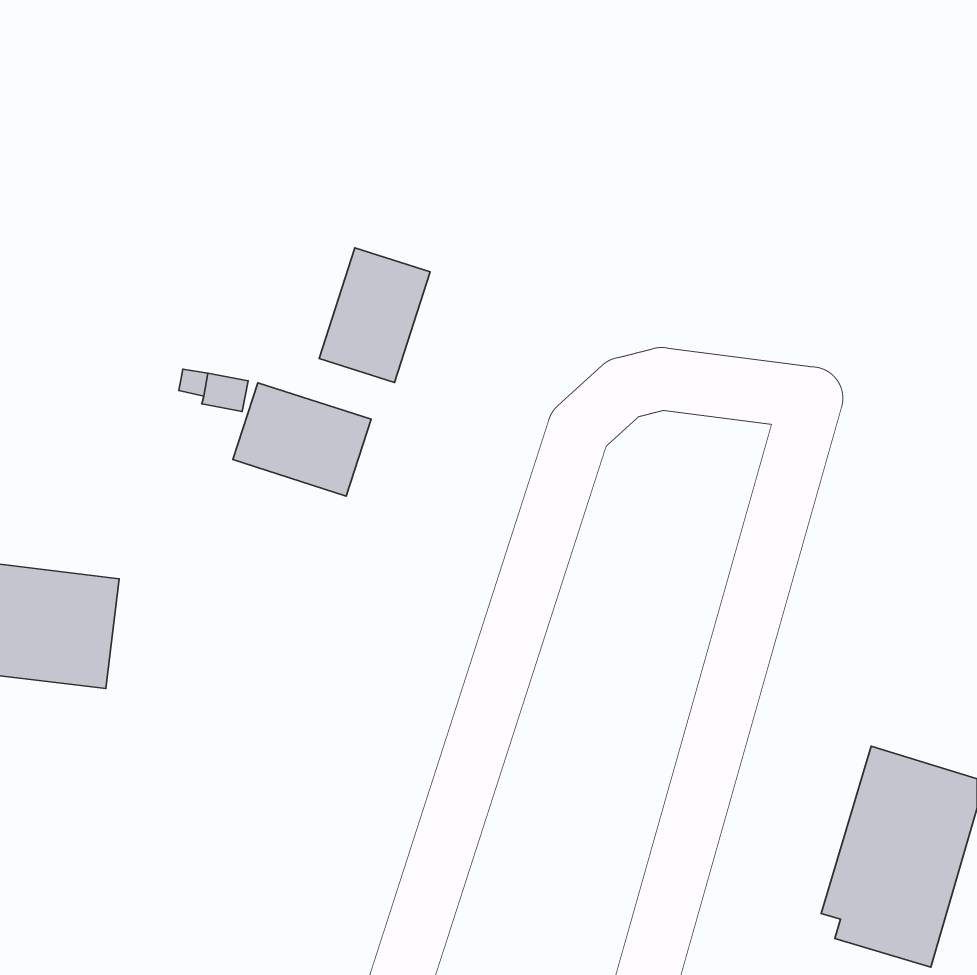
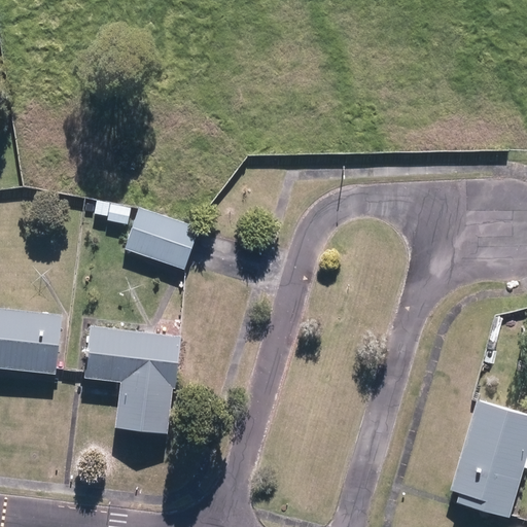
building: [319,248,430,383] -> none
building: none -> [86,325,183,433]

